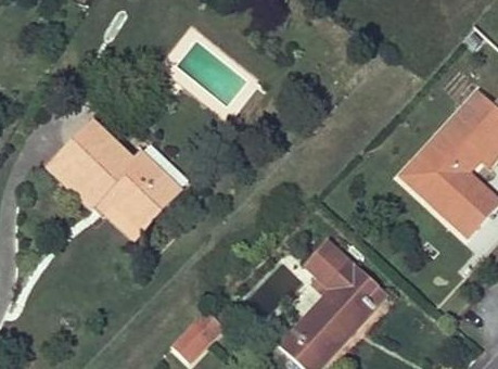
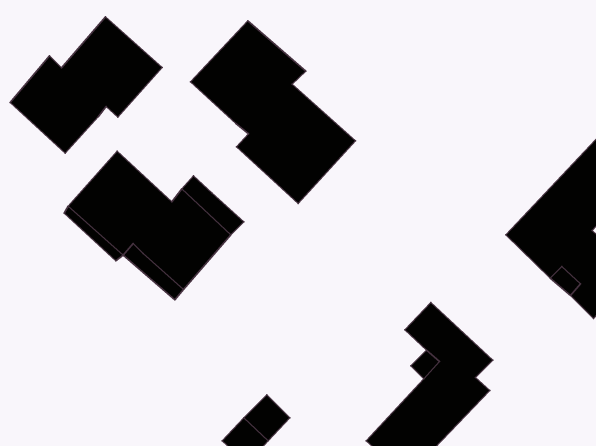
building: none -> [10,17,162,153]
building: none -> [190,21,356,203]

